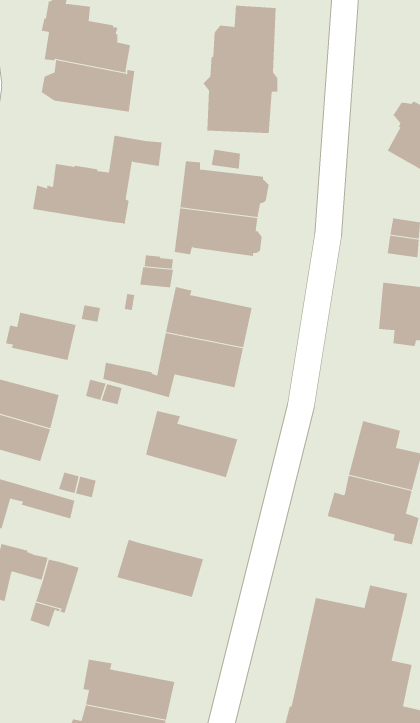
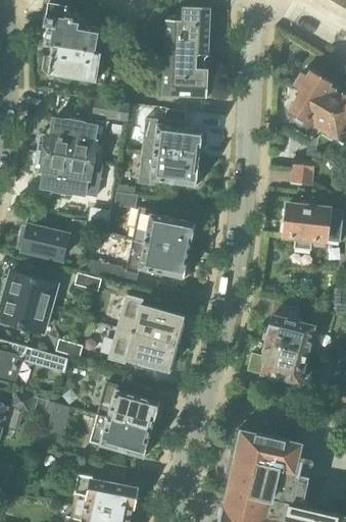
building: none -> [34,152,102,197]
building: none -> [108,327,176,371]
building: none -> [89,415,151,458]

